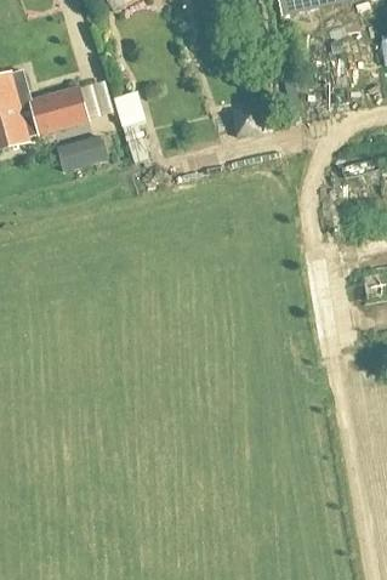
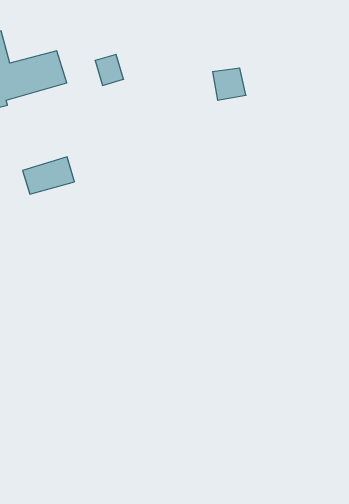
building: [56,133,107,170] -> [23,157,74,194]

